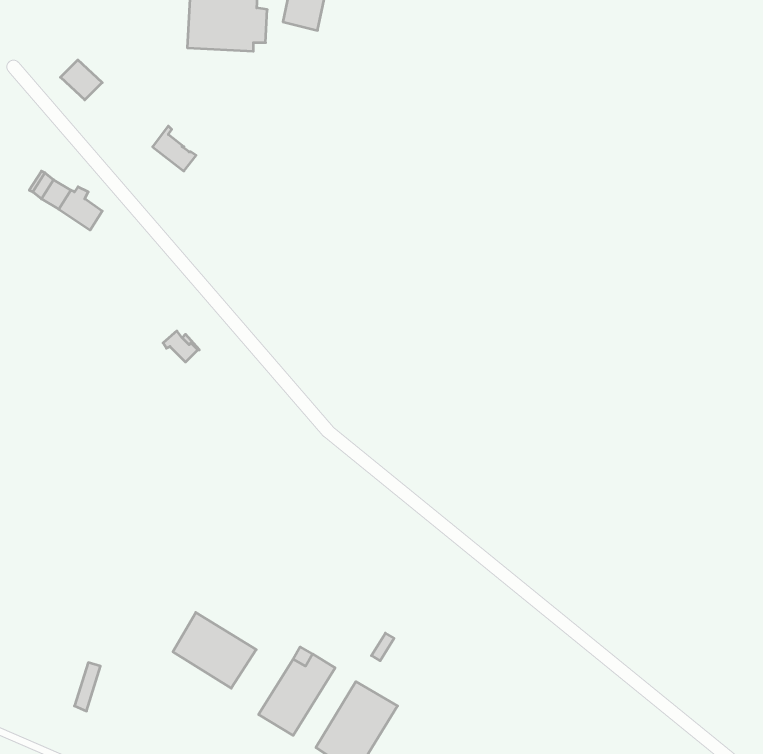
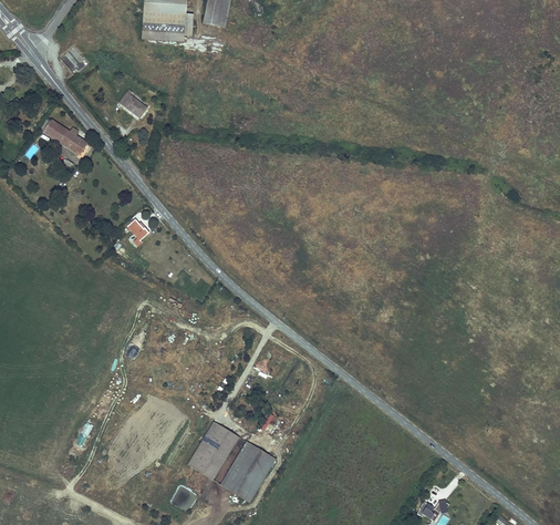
building: [173,612,256,688] -> none

